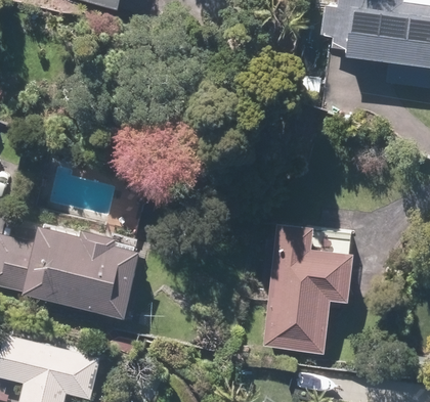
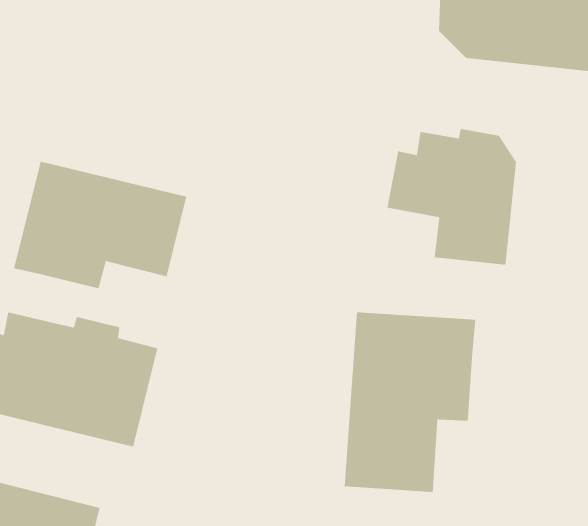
building: none -> [387,128,517,265]
building: none -> [14,161,187,289]

